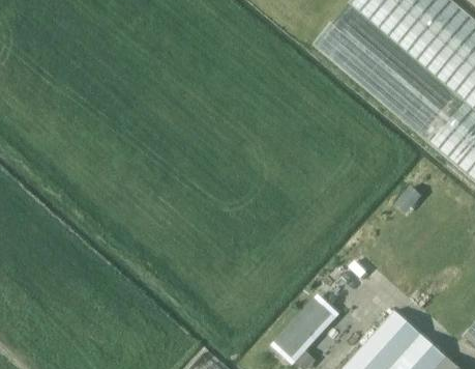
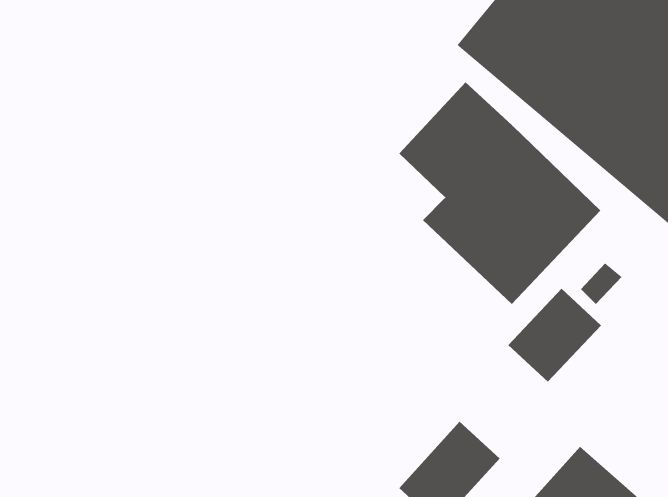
building: none -> [399,82,601,305]
building: none -> [508,288,602,382]

